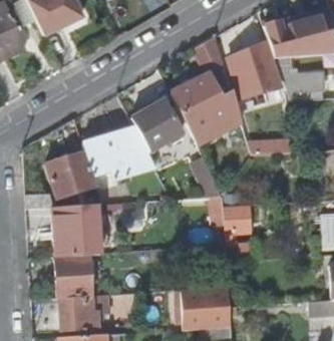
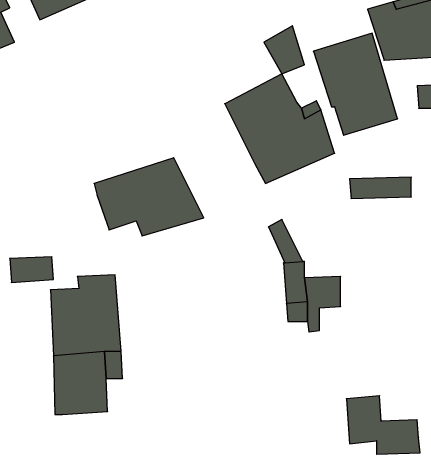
building: [130,99,178,164] -> none
building: [49,149,94,195] -> none
building: [182,290,231,329] -> [346,396,420,454]
building: [60,294,108,328] -> none

